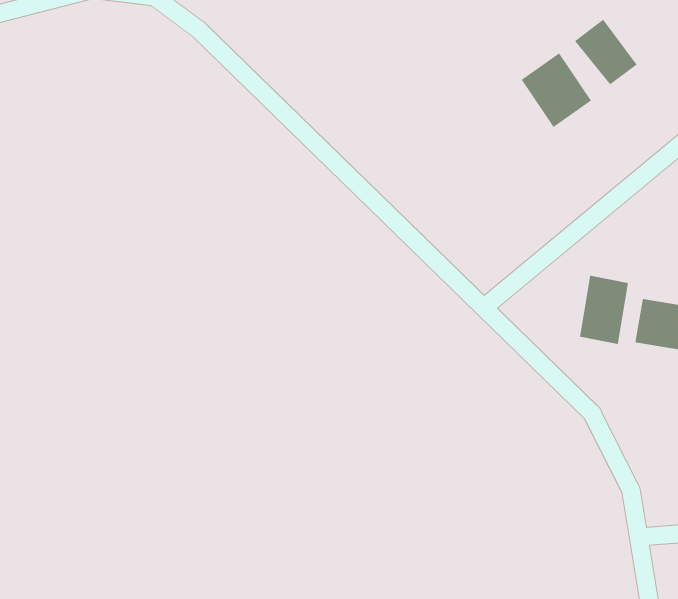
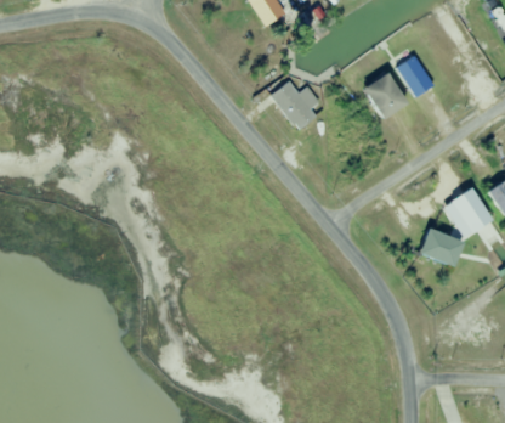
building: none -> [273,80,322,130]
building: [580,275,629,345] -> none

